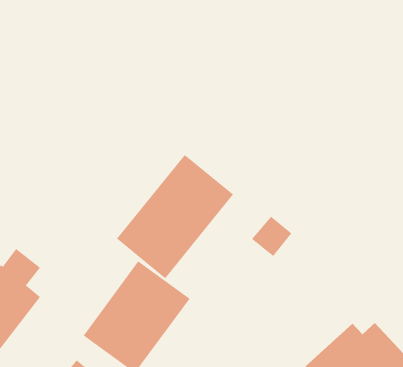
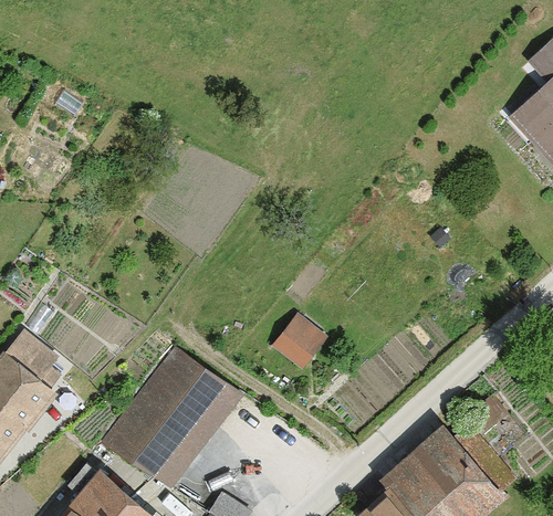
building: [116,154,234,279] -> none
building: [251,216,292,257] -> [273,317,324,368]

